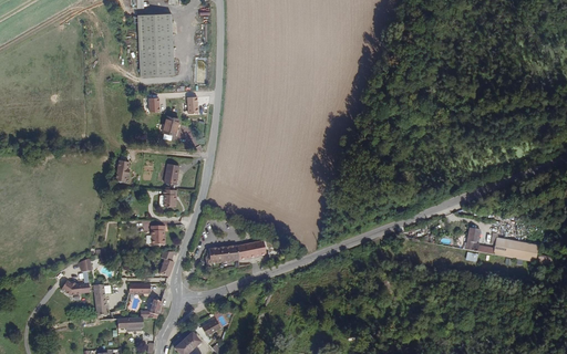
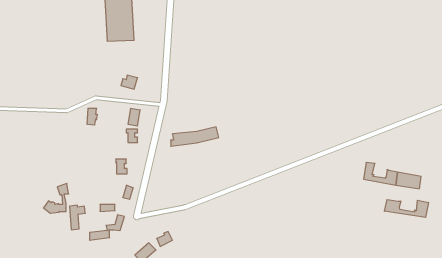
building: [205,239,266,263] -> [171,127,219,146]
building: none -> [384,200,428,217]

